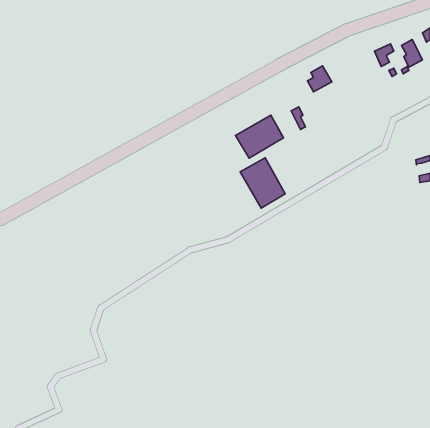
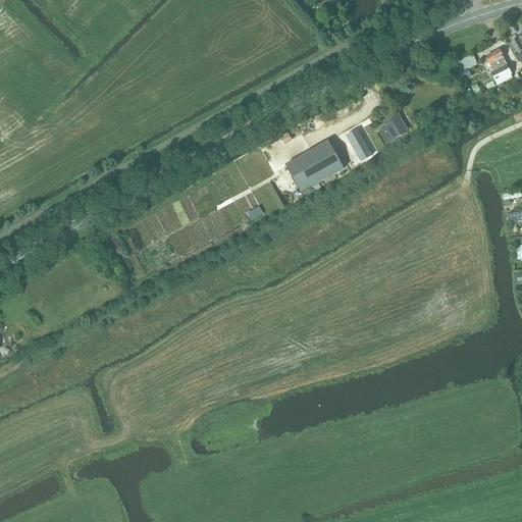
building: [307,66,332,92] -> [379,111,409,143]
building: [240,158,285,208] -> none

